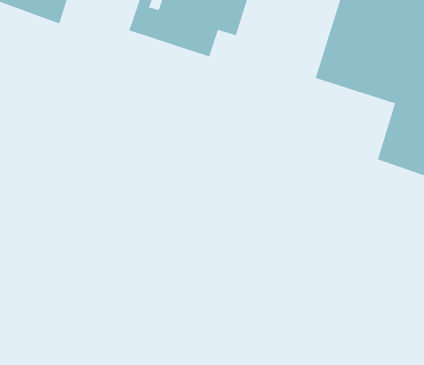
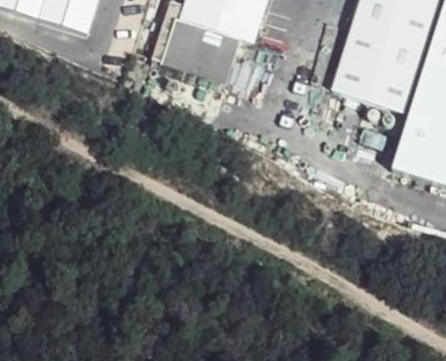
building: none -> [149,41,233,84]

